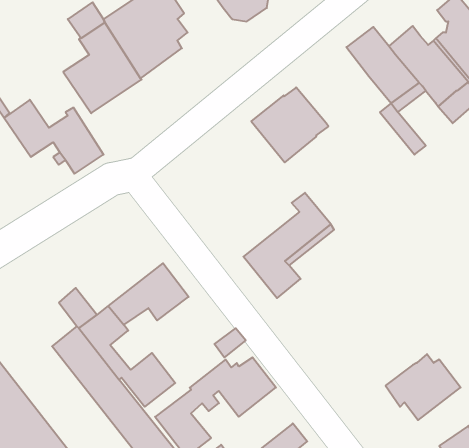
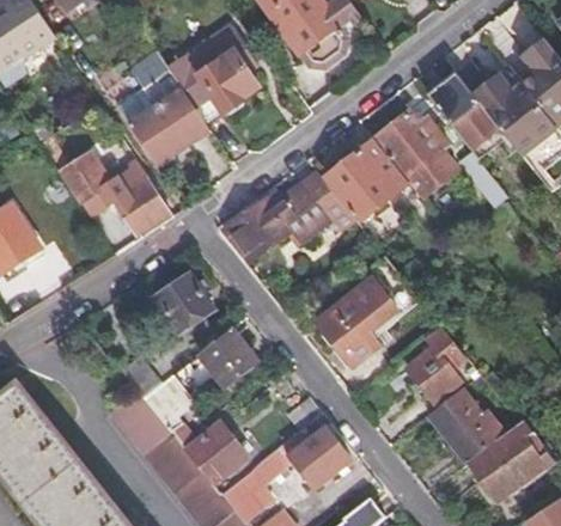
building: none -> [376,111,465,207]
building: none -> [224,171,356,263]
building: none -> [158,273,218,331]
building: none -> [409,325,469,402]
building: none -> [429,391,504,461]

